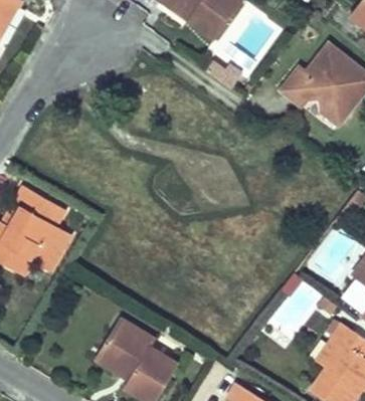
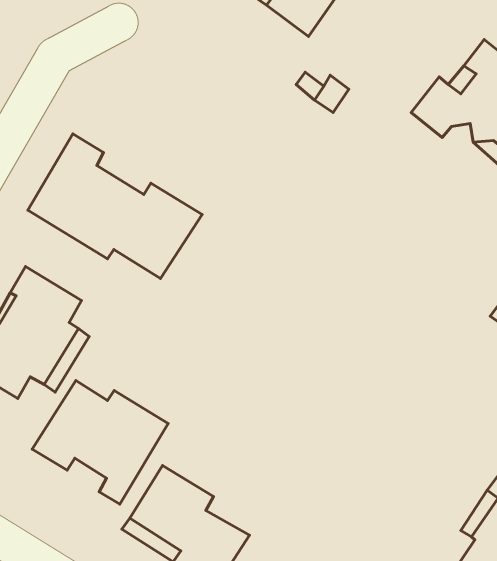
building: none -> [28,134,202,279]
building: none -> [32,380,168,504]

